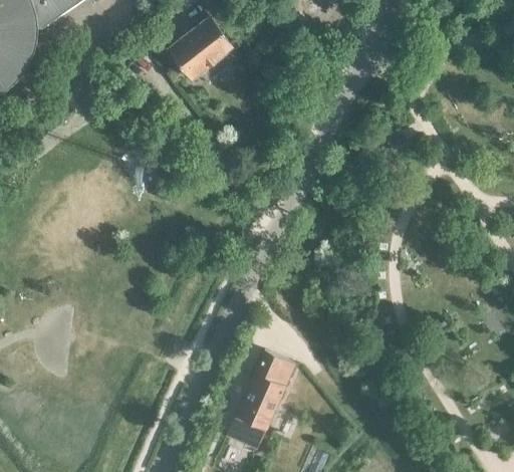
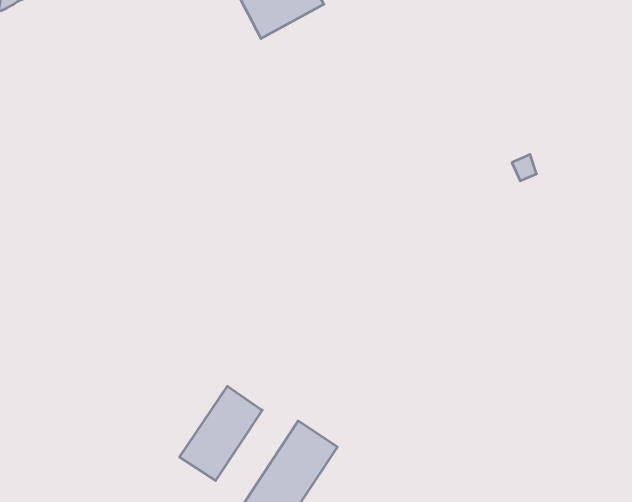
building: none -> [180,386,262,481]

